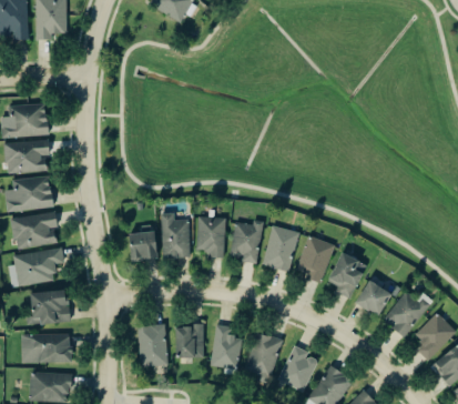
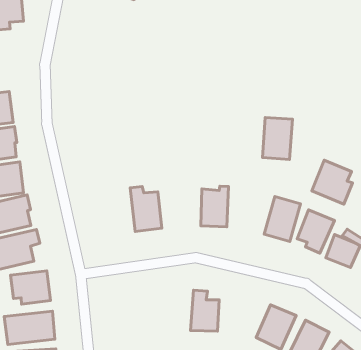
building: none -> [312,160,353,204]
building: [196,216,226,259] -> none
building: [264,225,298,271] -> [262,117,293,160]
building: [129,231,159,261] -> none
building: [138,324,167,367] -> none
building: [176,325,204,357] -> none
building: [244,332,283,381] -> none

